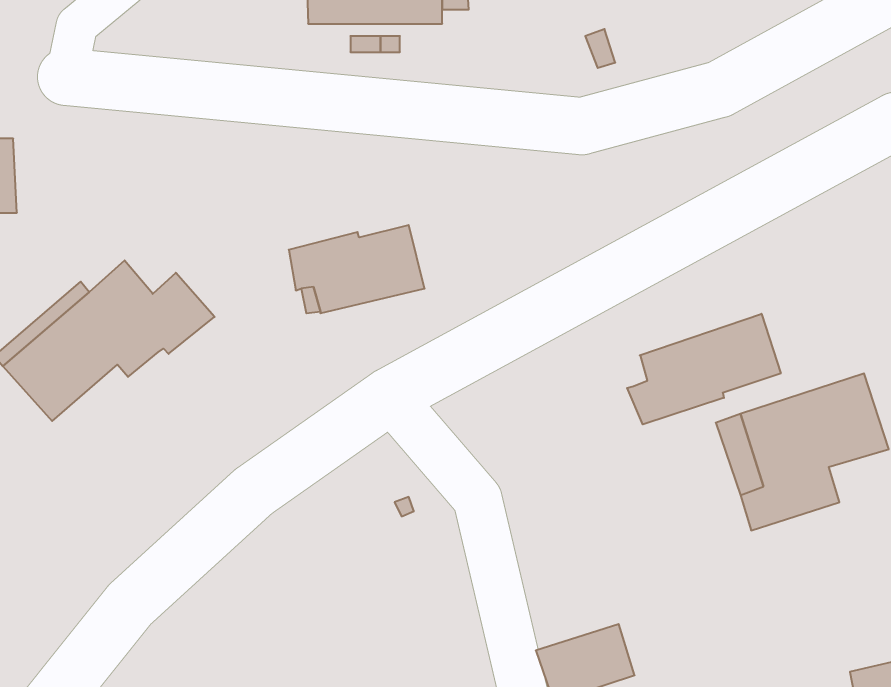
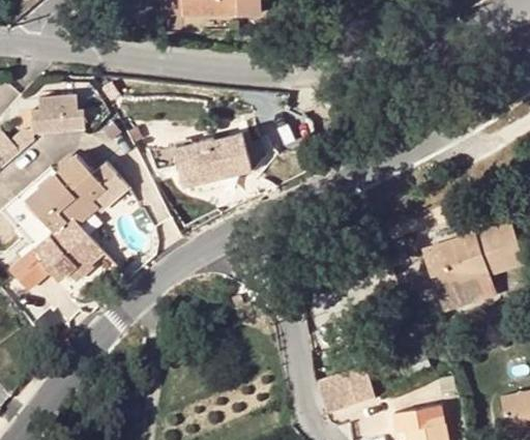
building: none -> [37,89,87,129]
building: [627,314,781,424] -> none
building: none -> [9,215,102,289]

